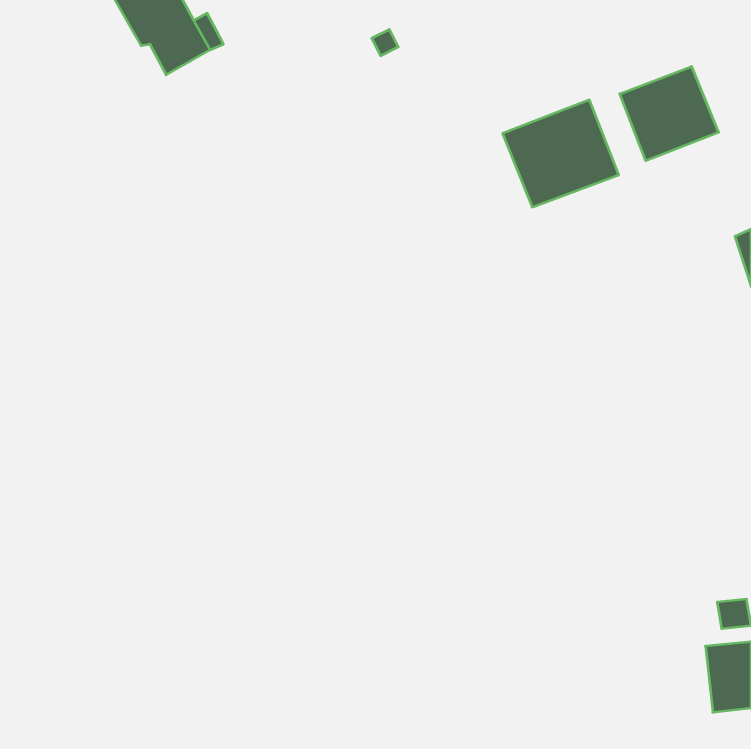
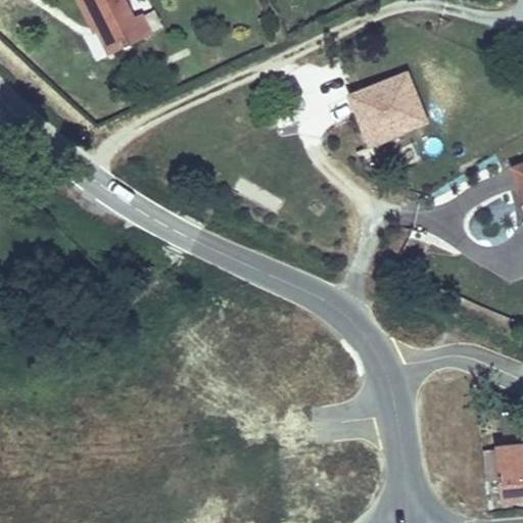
building: [620,66,719,161] -> none

